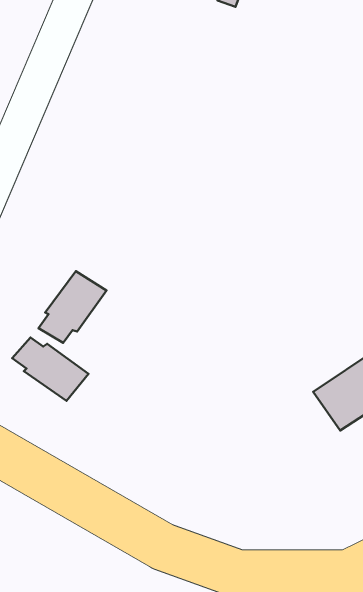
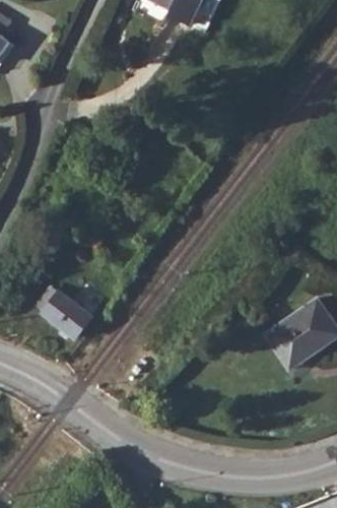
building: [39,271,106,343] -> none

